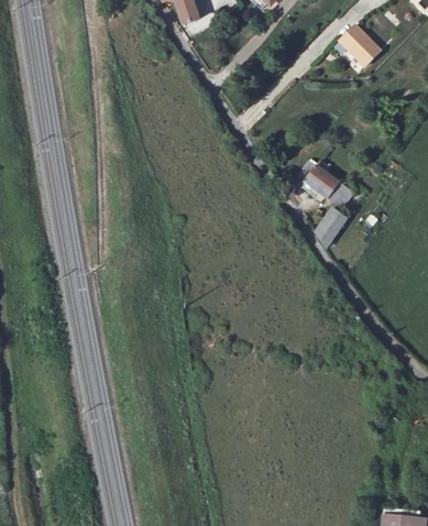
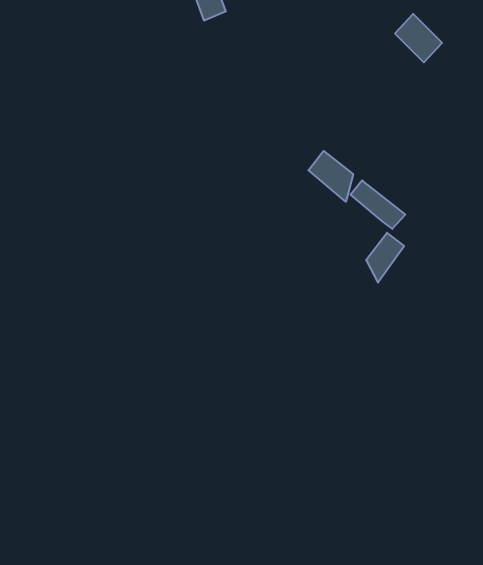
building: none -> [308,151,353,202]

